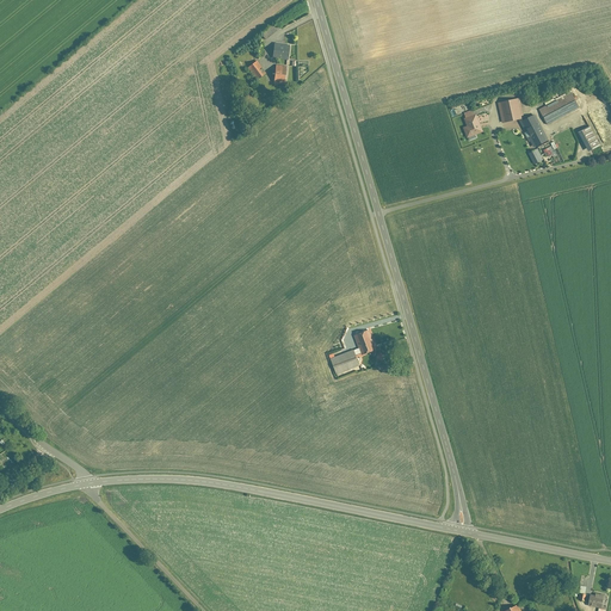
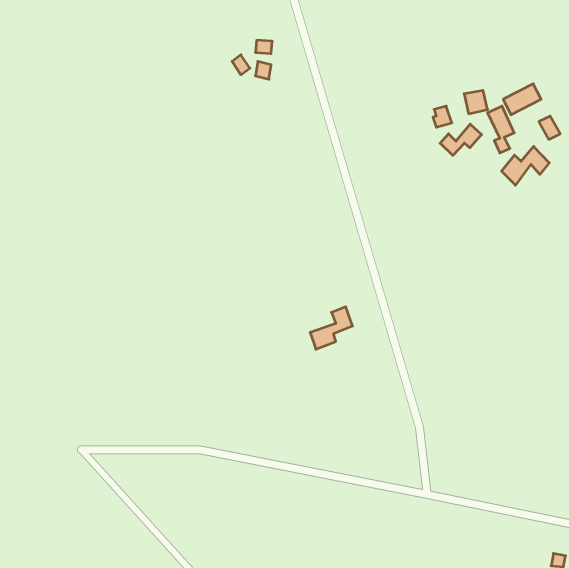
building: none -> [440,124,482,155]
building: none -> [502,146,549,185]

